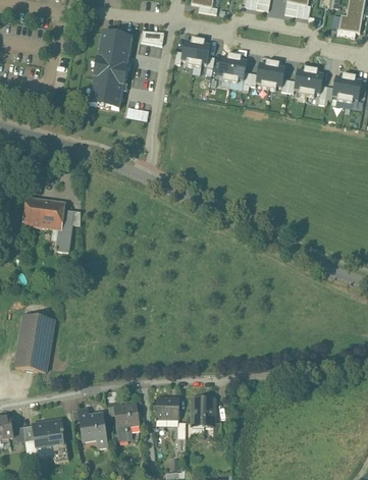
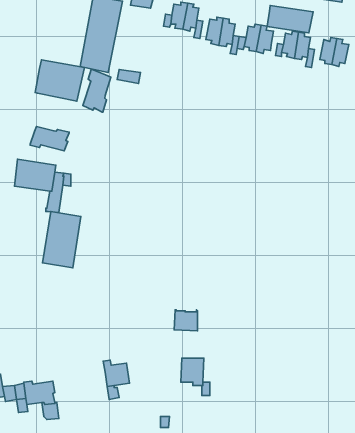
building: none -> [267,6,313,33]
building: none -> [35,60,84,101]
building: none -> [83,69,111,112]
building: none -> [30,126,69,151]
building: [14,314,53,371] -> [43,212,81,268]
building: [155,397,178,419] -> [174,310,197,331]
building: [77,408,107,448] -> none

